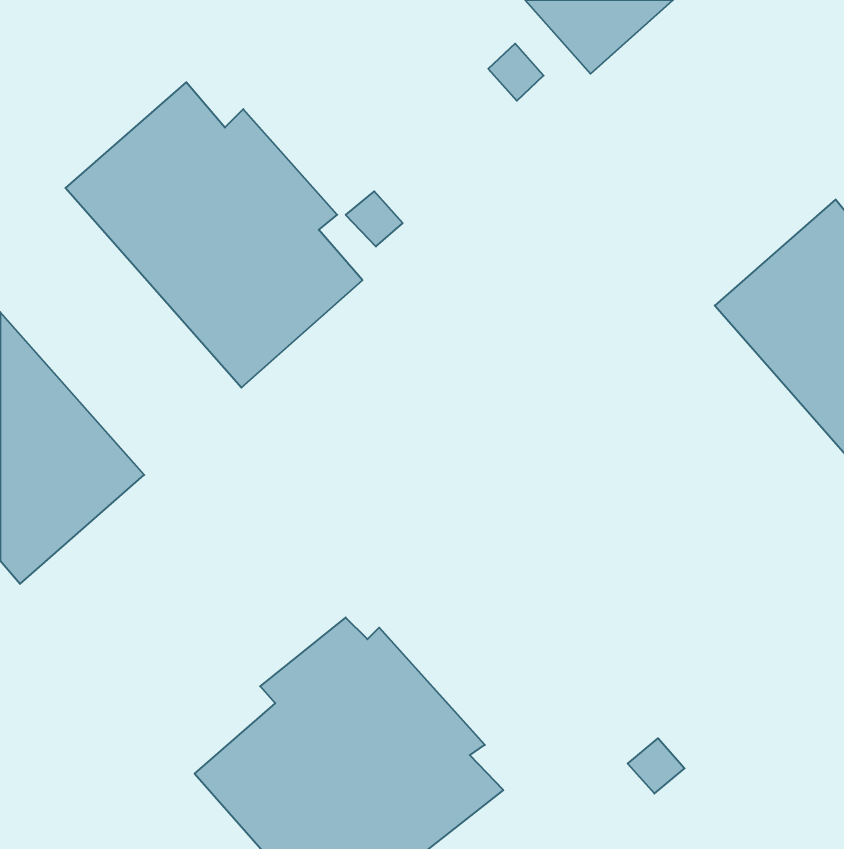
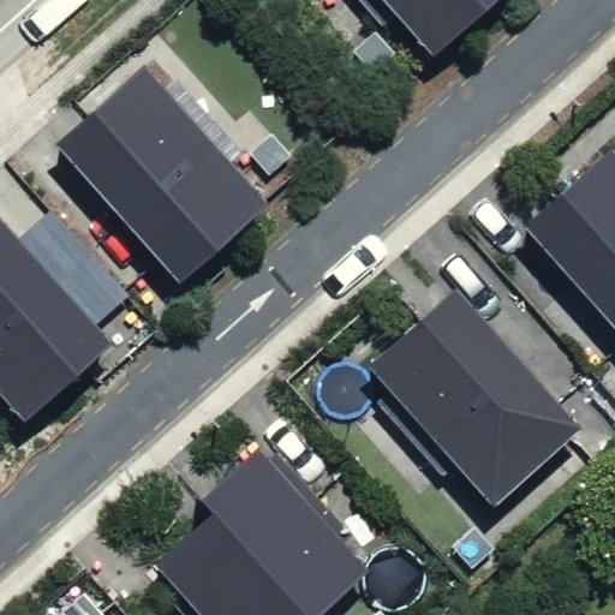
building: none -> [368,288,580,508]

